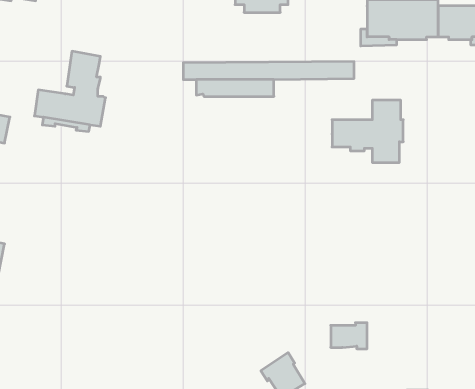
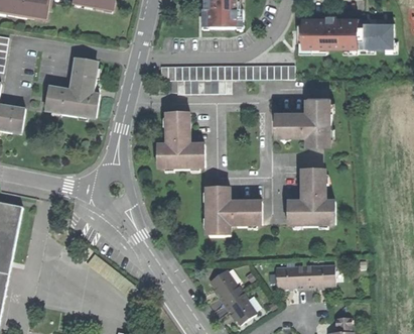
building: none -> [156,112,204,168]
building: none -> [286,169,334,225]
building: none -> [205,187,262,235]
building: none -> [303,267,334,289]
building: none -> [209,271,242,306]

